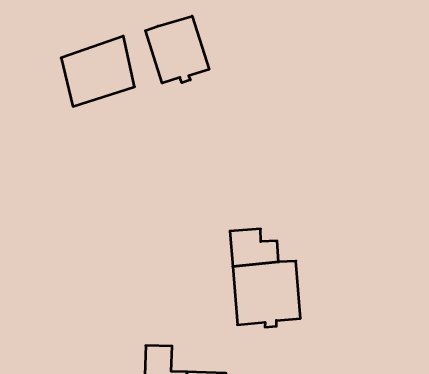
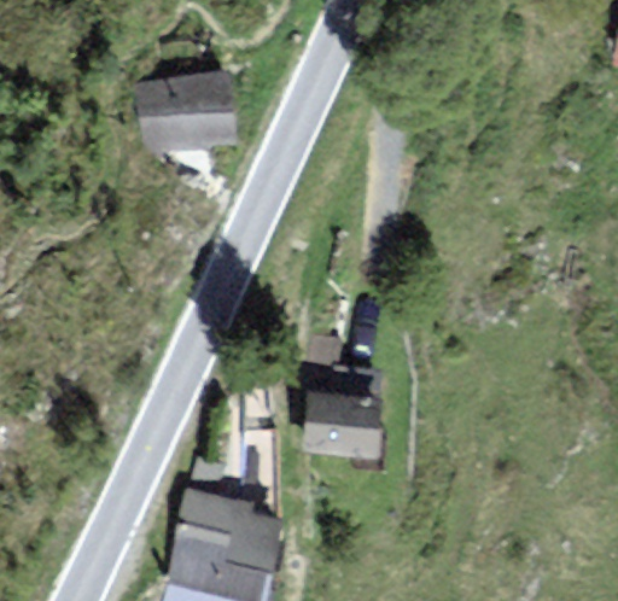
building: [145,16,209,83] -> none

